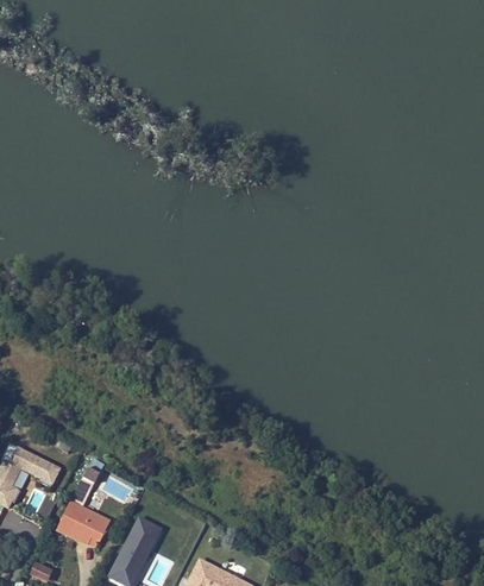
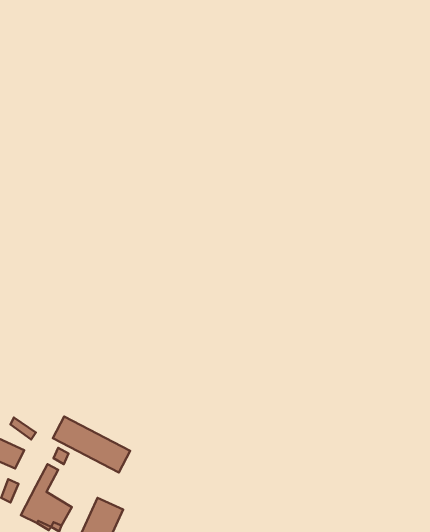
building: none -> [53,417,130,472]

